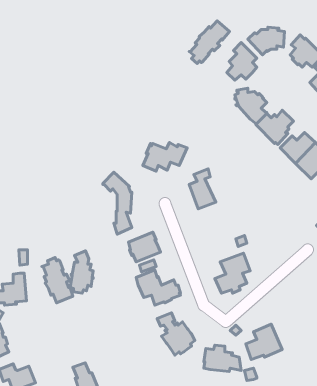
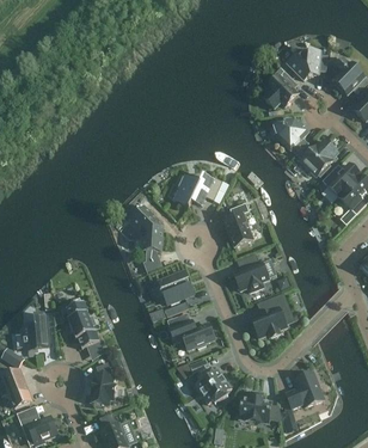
building: [189,21,229,64] -> none
building: none -> [233,253,269,291]
building: [70,251,93,293] -> [91,362,116,407]

